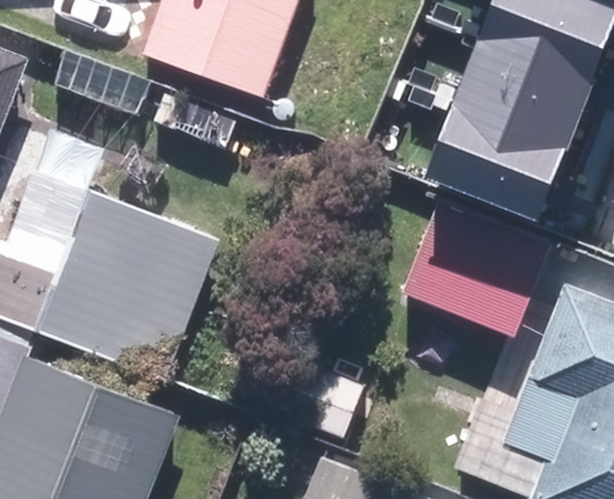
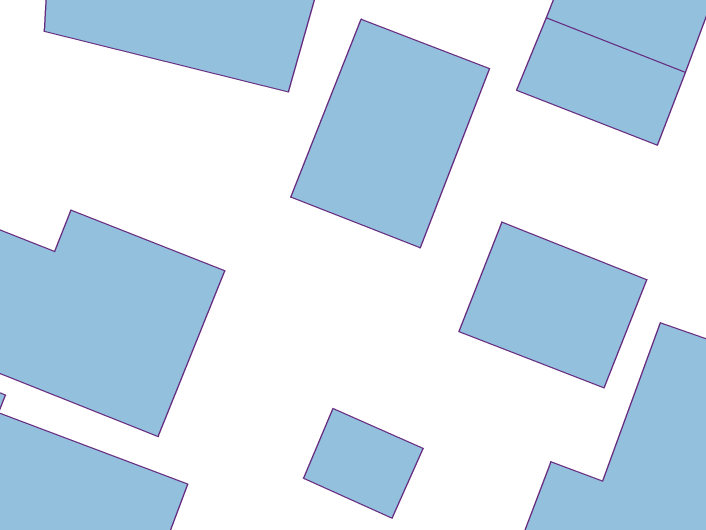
building: none -> [291,19,489,248]
building: [421,96,566,221] -> none

